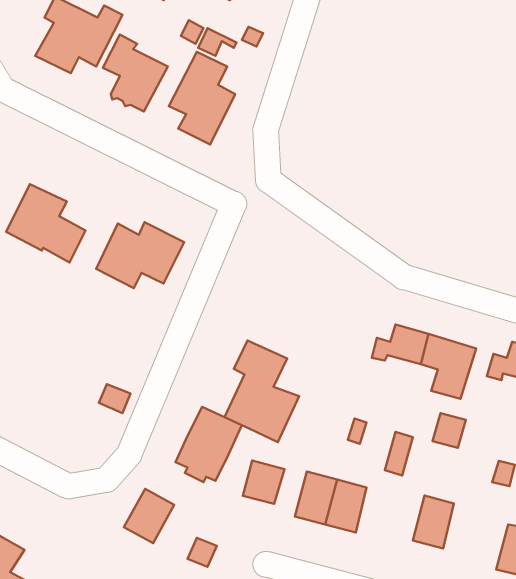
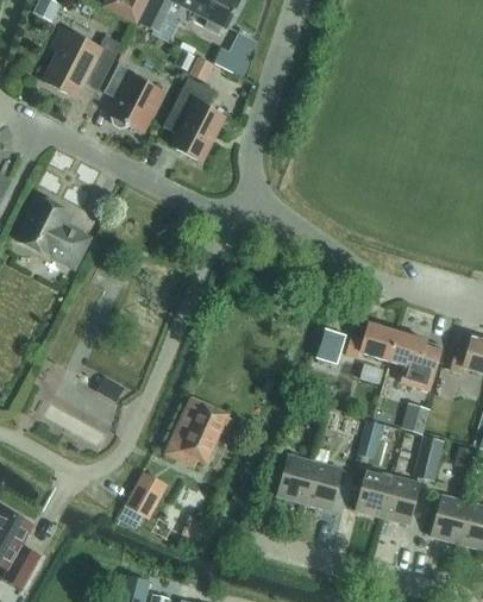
building: [96,222,184,288] -> none
building: none -> [315,327,347,364]
building: [225,341,299,442] -> none
building: none -> [414,434,445,481]
building: [243,460,285,504] -> none
building: none -> [356,469,394,516]
building: none -> [432,495,469,543]

